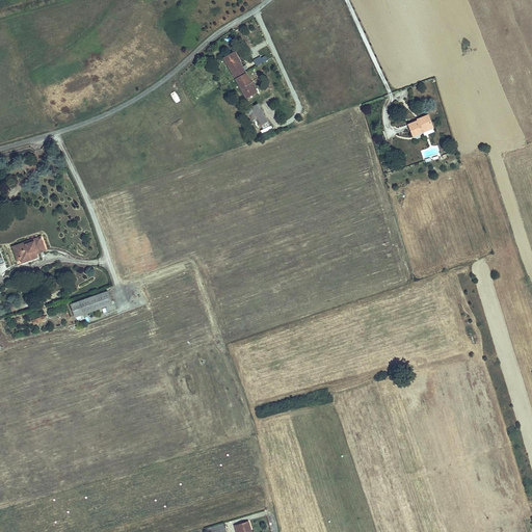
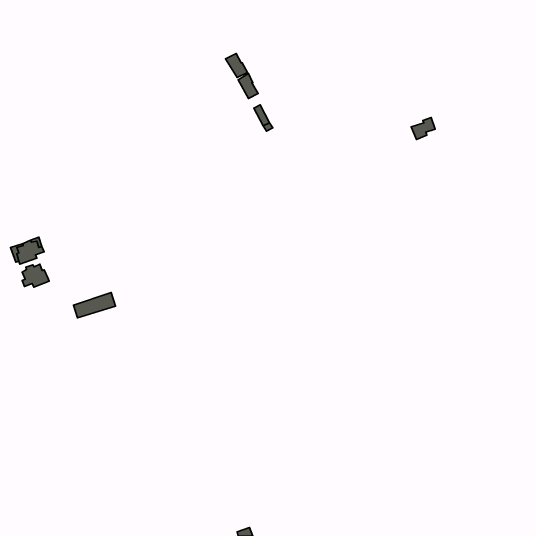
building: none -> [22,264,49,287]

